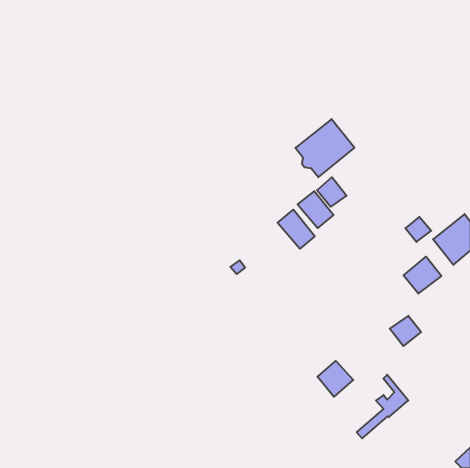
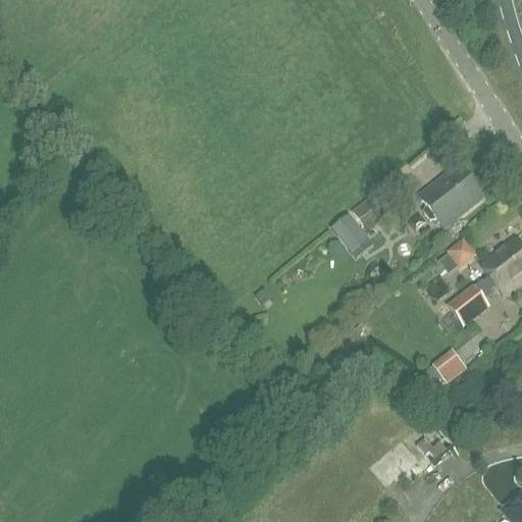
building: [295,119,354,177] -> [418,163,483,227]
building: [278,210,315,249] -> none
building: [317,361,353,397] -> none

